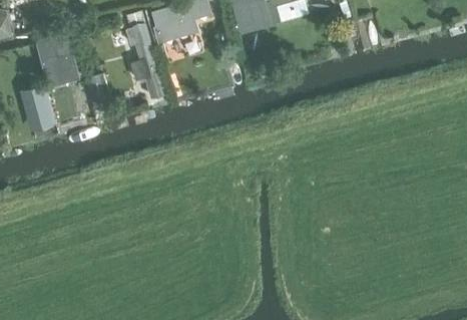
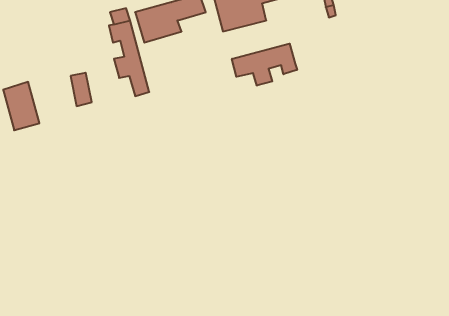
building: [36,36,78,87] -> none
building: none -> [232,44,297,86]

